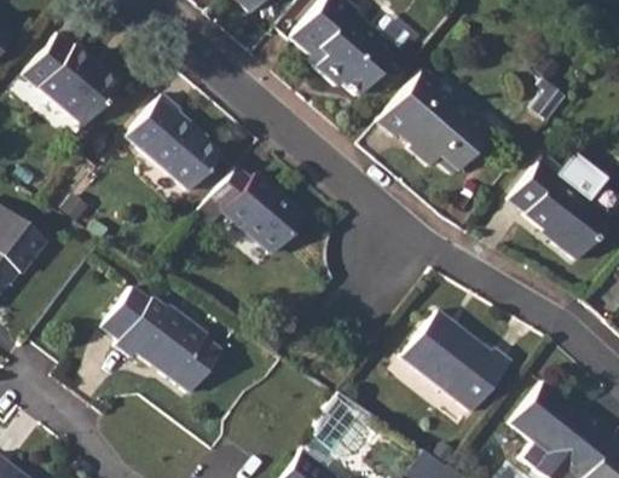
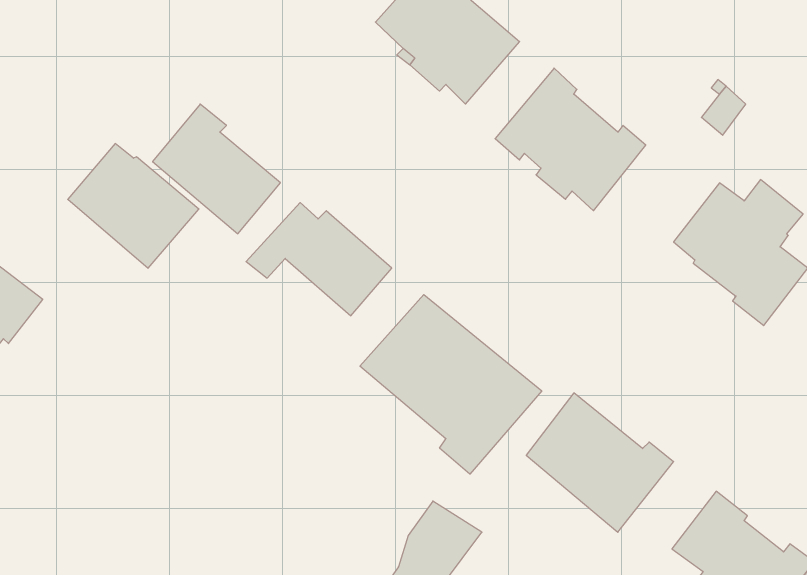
building: [24,35,121,127] -> [68,144,199,268]
building: none -> [360,295,542,474]
building: [103,286,221,392] -> none

